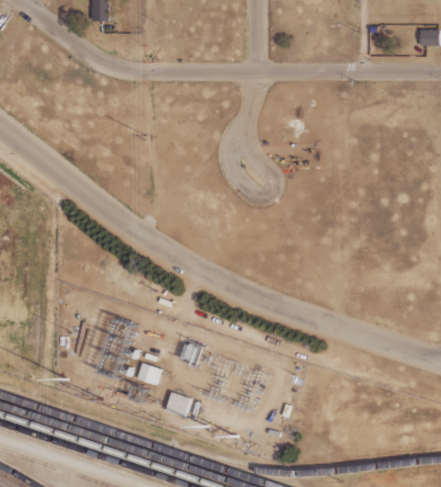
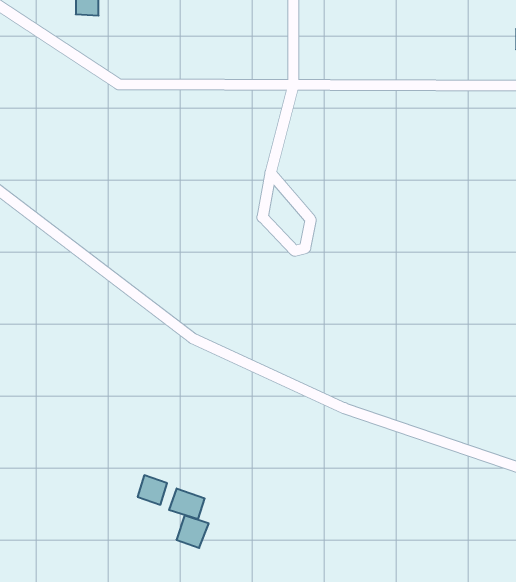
building: none -> [169,488,205,519]

